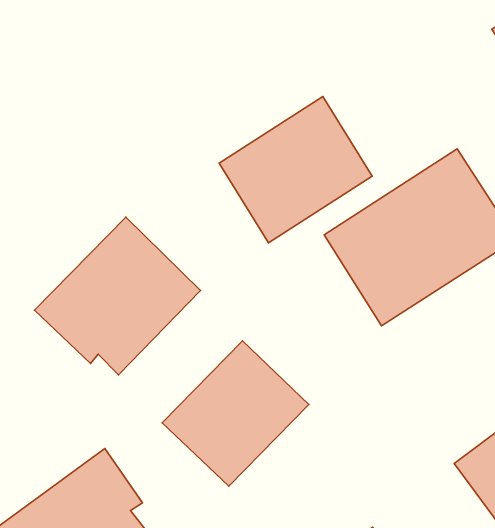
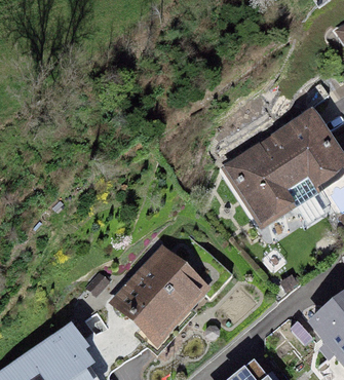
building: [219,97,372,243] -> none
building: [34,217,201,375] -> none

